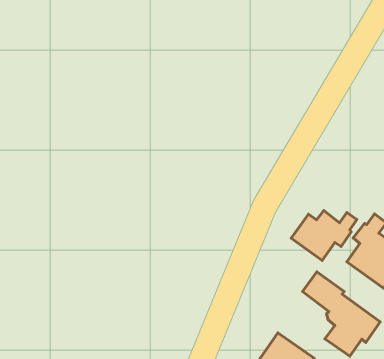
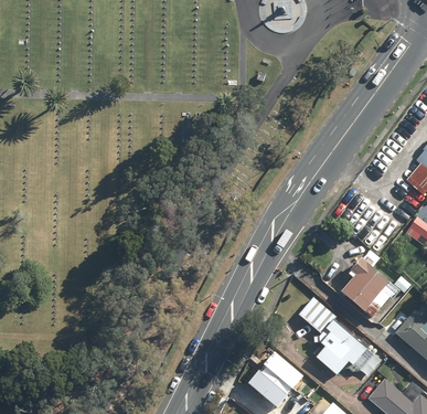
building: [291,211,357,260] -> none

